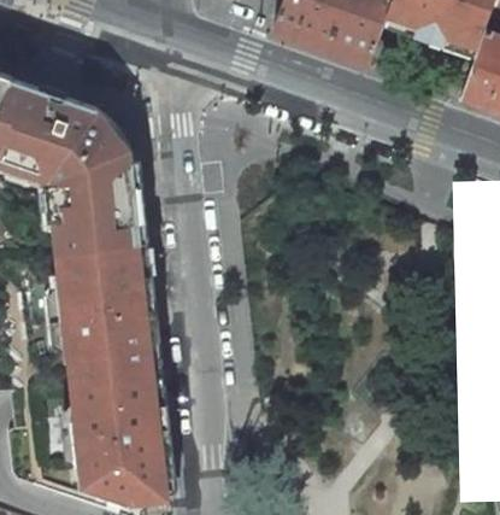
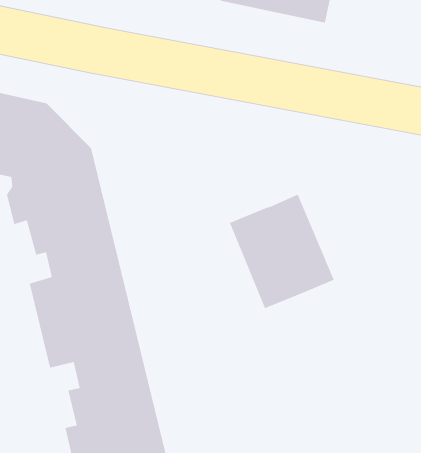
building: none -> [229,193,335,309]

